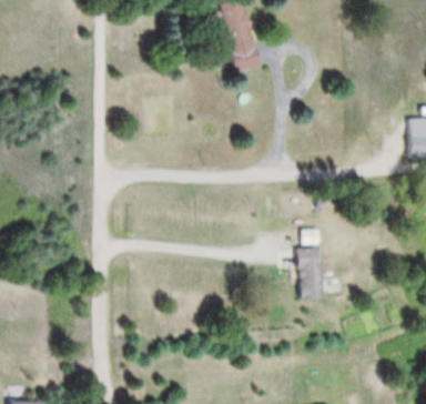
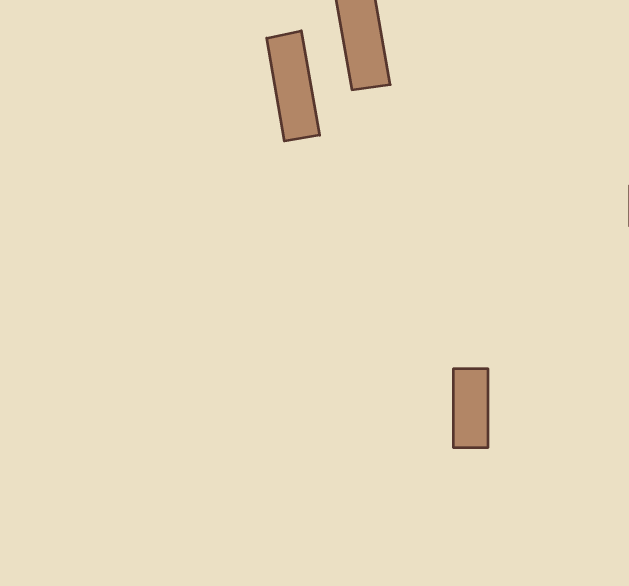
building: none -> [267,31,320,141]

